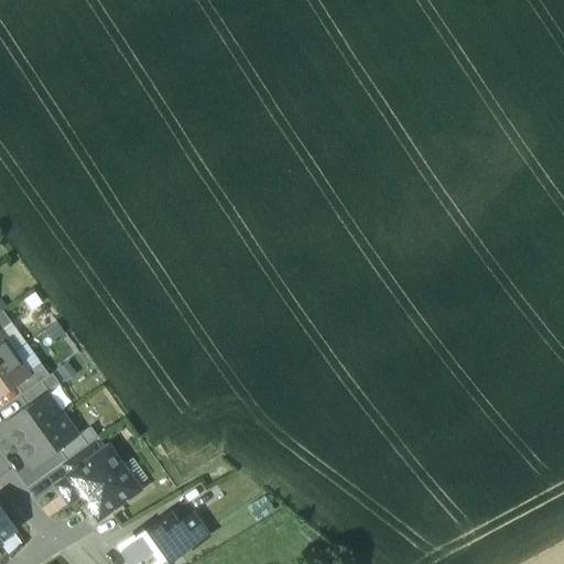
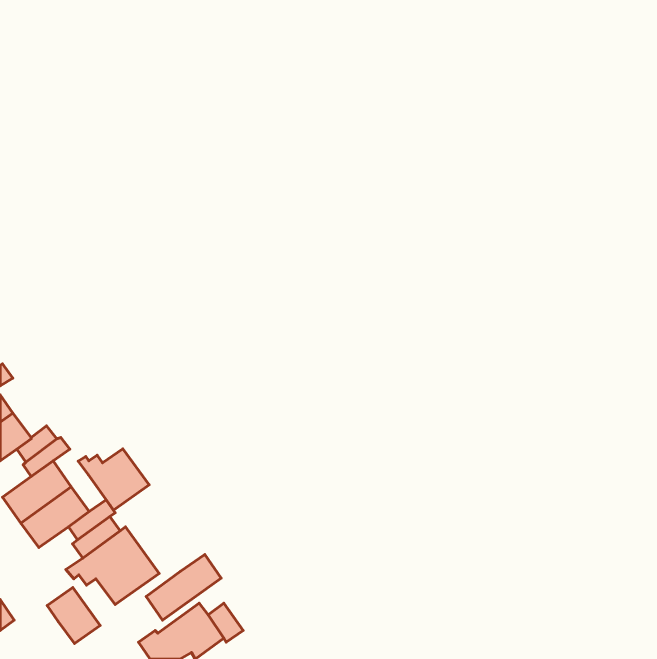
building: none -> [78,449,149,510]
building: none -> [146,554,221,620]
building: none -> [47,587,100,643]

